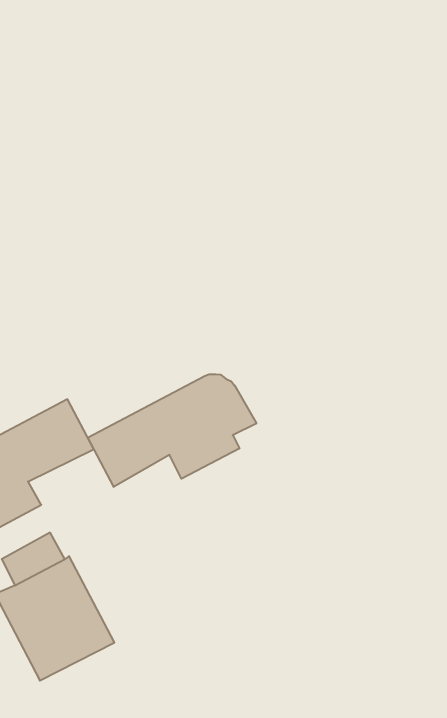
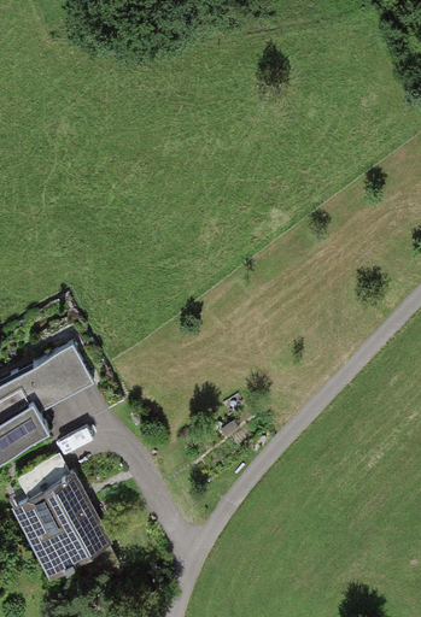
building: [88,374,256,487] -> none

